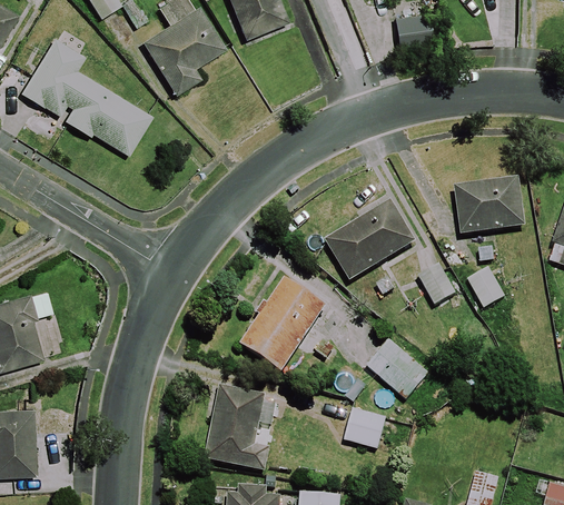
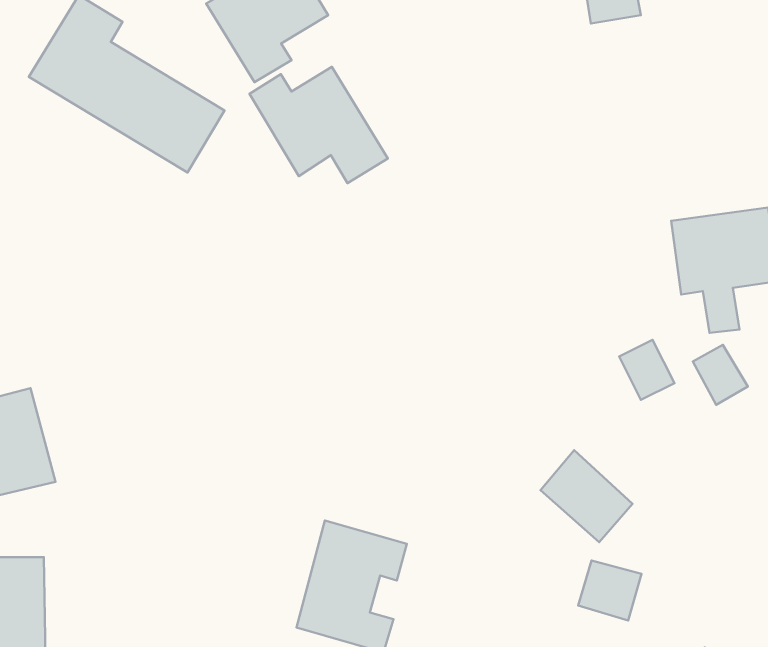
building: none -> [249,67,388,183]
building: [321,200,420,283] -> none
building: [236,277,325,374] -> none
building: [342,409,384,449] -> [578,560,642,621]

